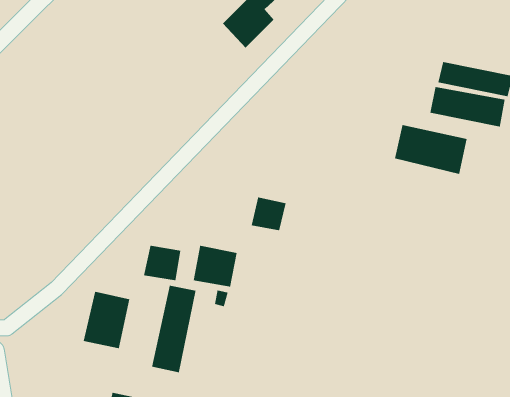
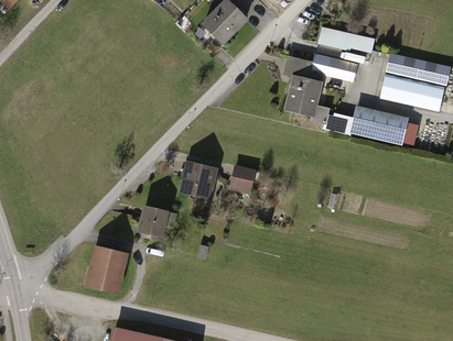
building: none -> [316,28,375,55]
building: none -> [284,55,354,123]
building: [193,245,238,287] -> [180,162,217,197]
building: [151,285,196,373] -> none

